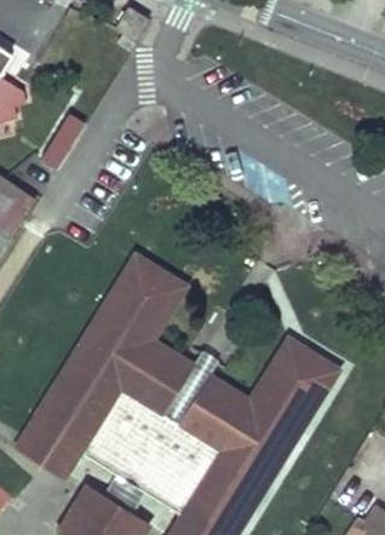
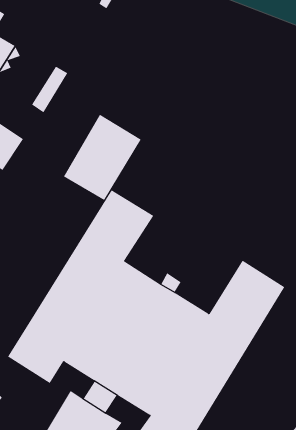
building: none -> [63,114,141,201]

